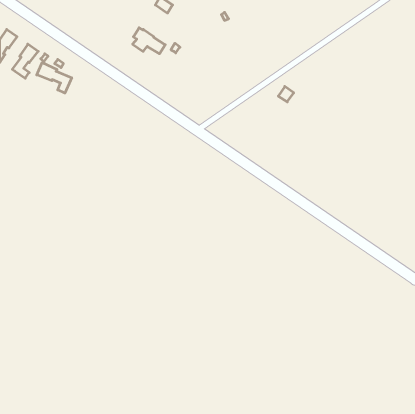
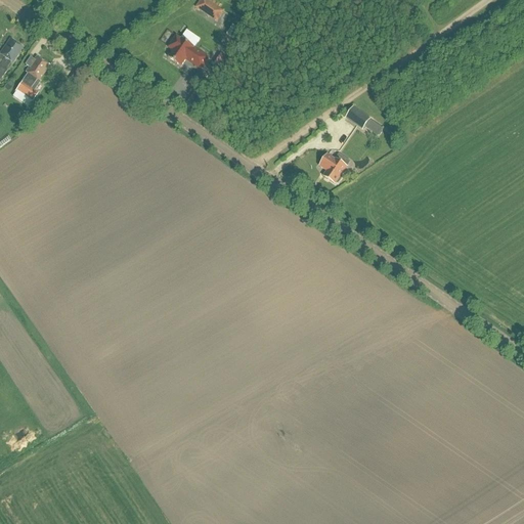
building: [37,63,72,93] -> none
building: none -> [318,152,348,182]

